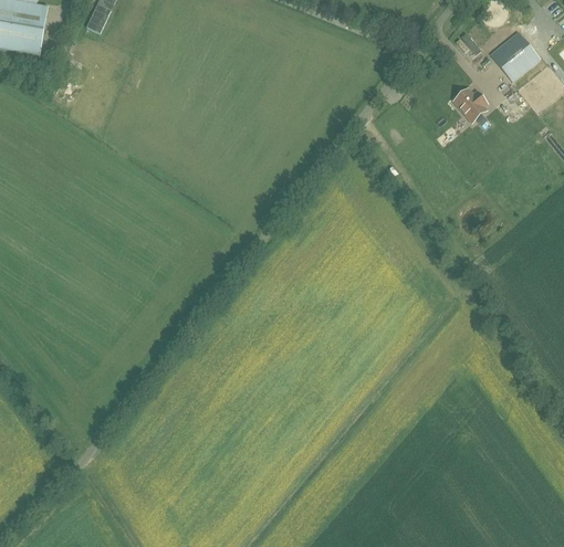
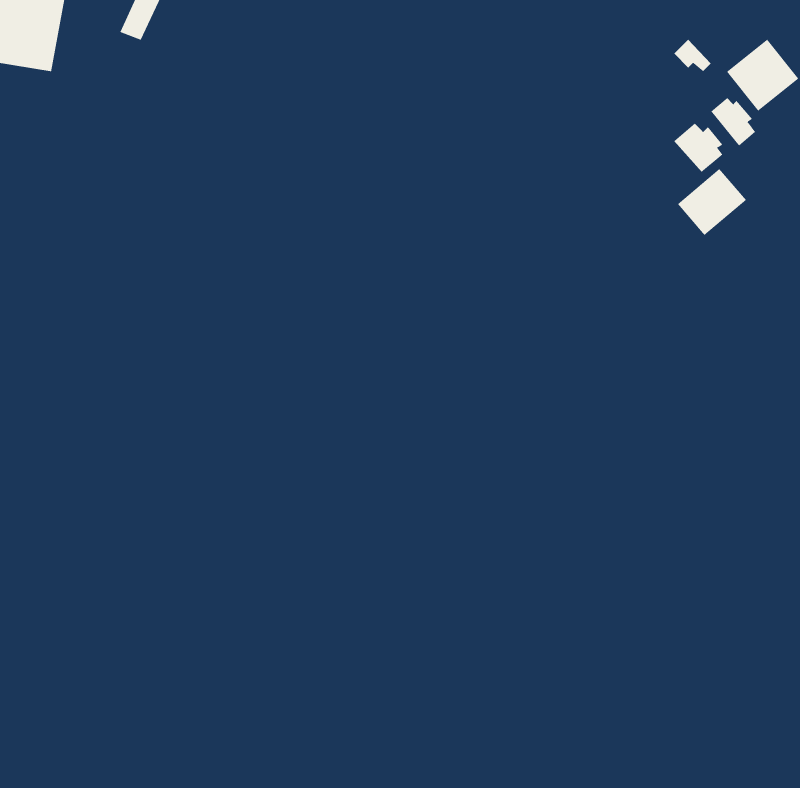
building: none -> [711,97,756,146]
building: none -> [677,168,747,236]

